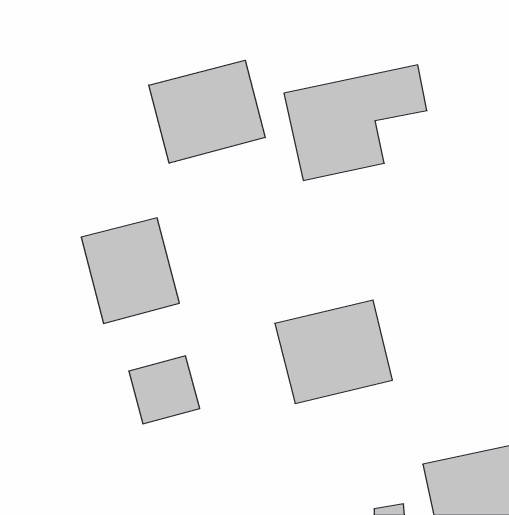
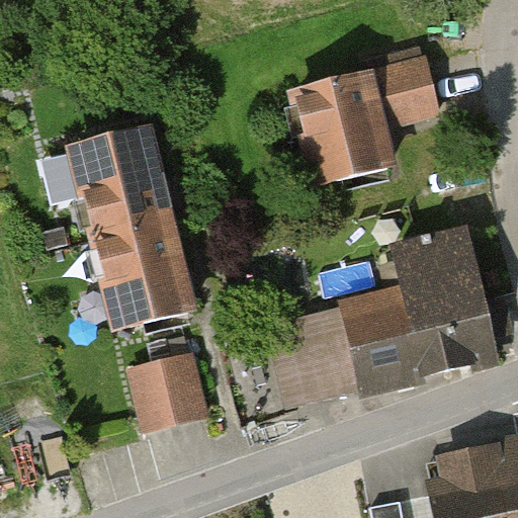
building: [149,60,265,163] -> none
building: none -> [67,132,166,237]
building: none -> [381,214,498,379]

